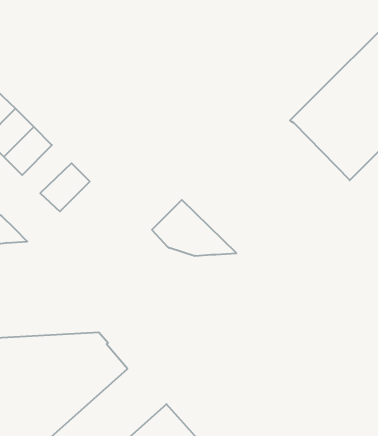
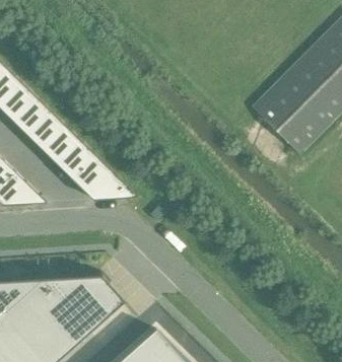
building: none -> [43,127,81,164]
building: [152,200,236,256] -> [72,155,138,199]

